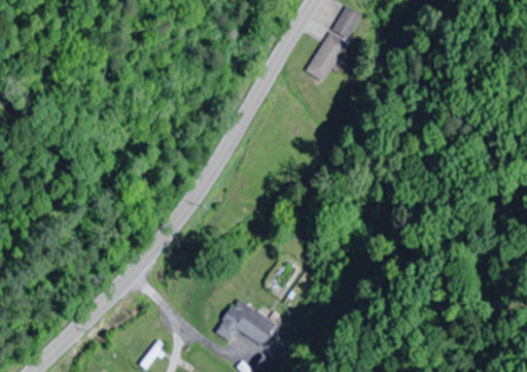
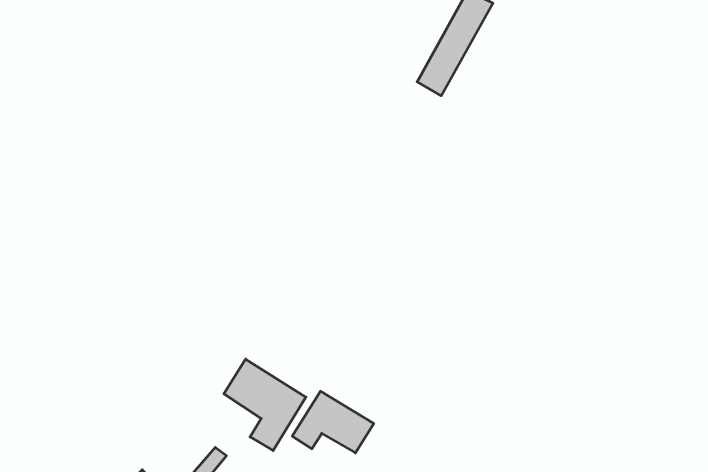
building: none -> [224,359,306,451]

